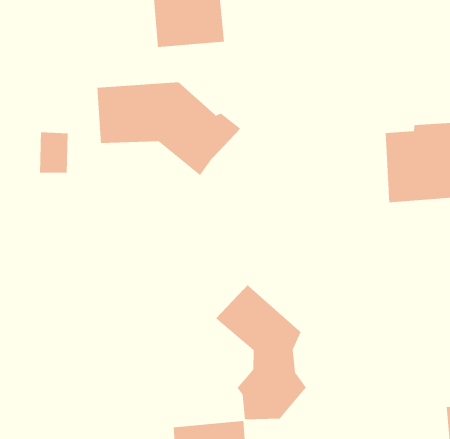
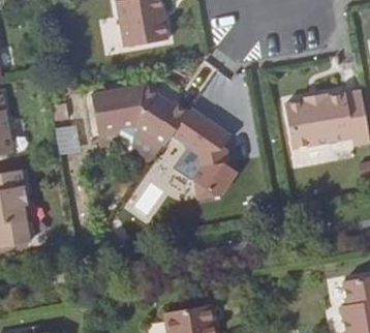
building: [215,284,307,420] -> [173,108,238,198]

